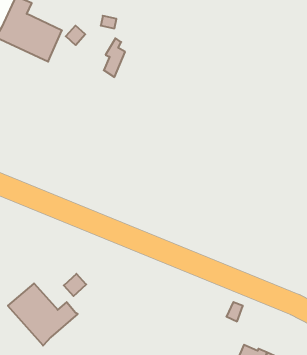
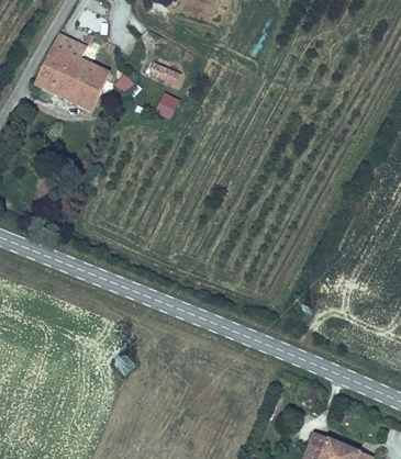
building: [8,283,78,346] -> none

